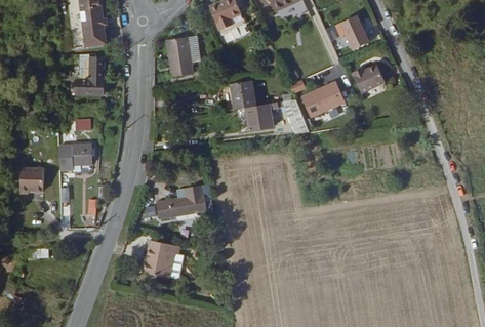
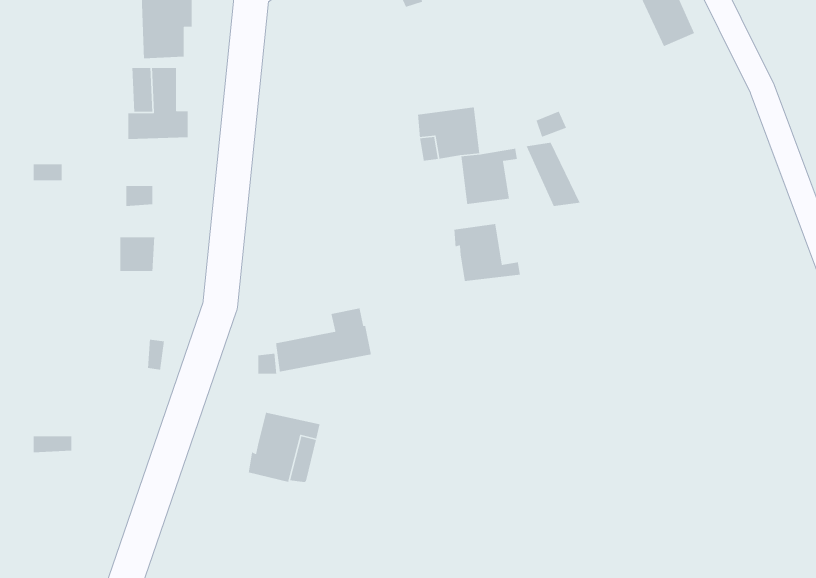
building: [169,37,193,76] -> none
building: [356,64,388,91] -> none
building: [305,79,349,116] -> none
building: none -> [454,223,521,282]
building: [19,171,42,199] -> none

